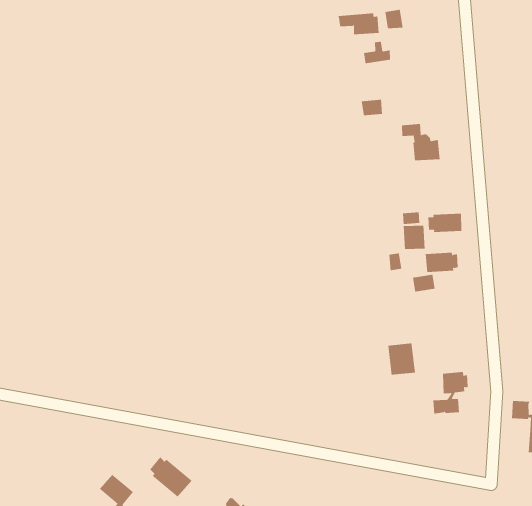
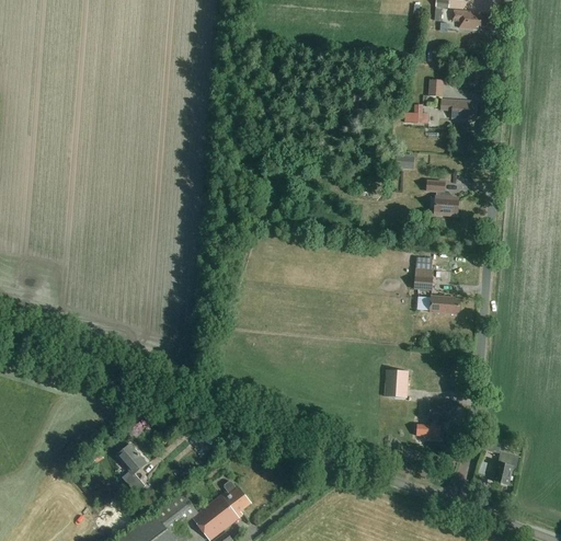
building: [338,13,380,35] -> [439,100,474,120]
building: [428,213,462,233] -> none
building: [149,457,193,497] -> none

